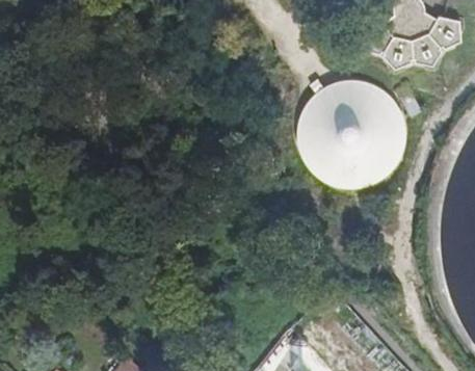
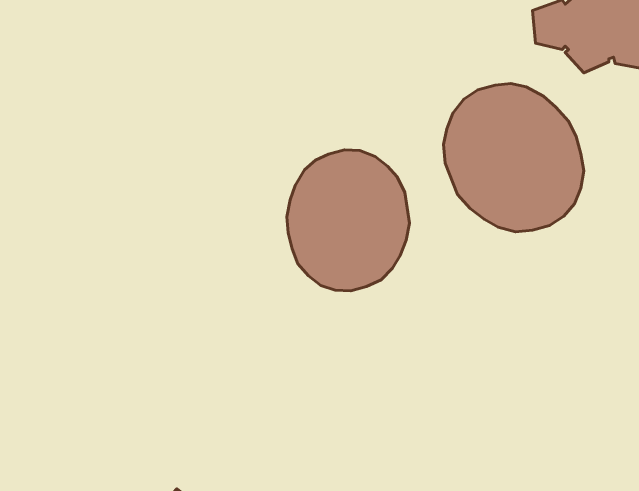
building: none -> [287,150,409,291]

